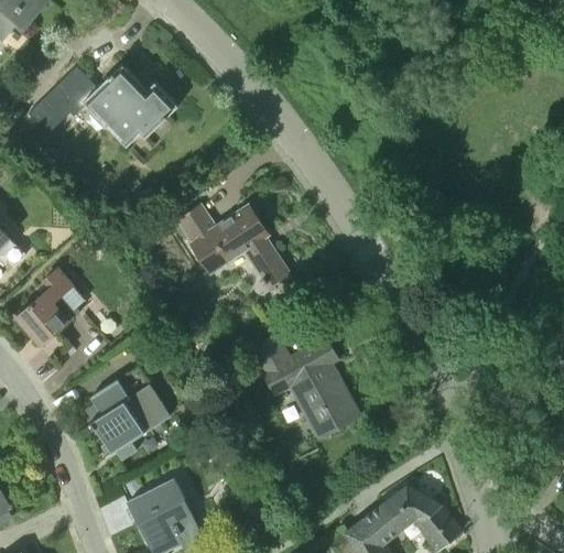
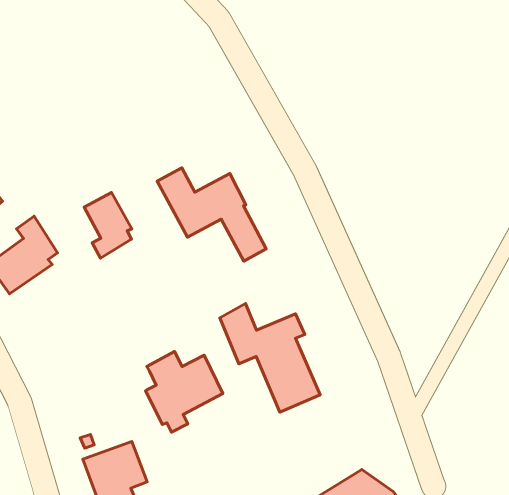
building: [28,64,177,147] -> none
building: none -> [84,193,132,258]
building: [90,380,169,460] -> [146,351,223,432]

